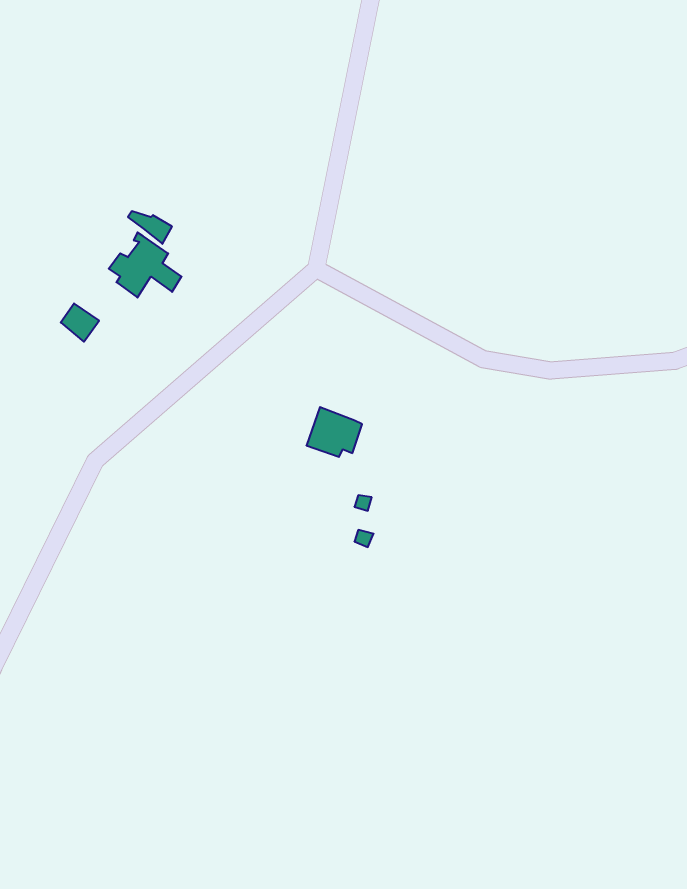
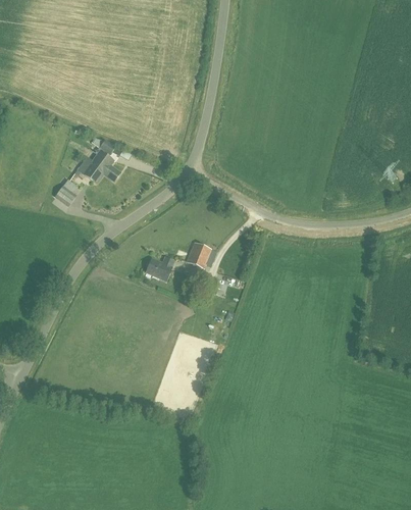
building: none -> [144,257,173,279]

